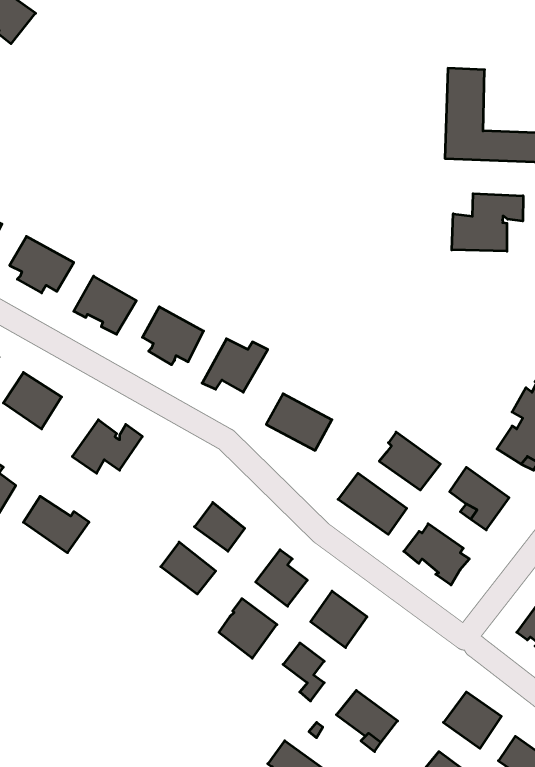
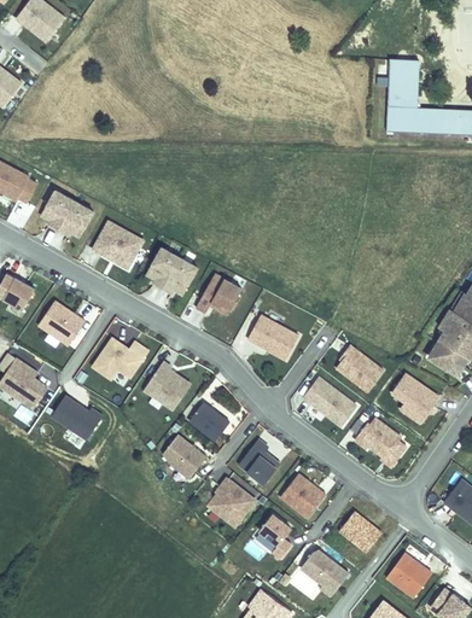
building: [452,194,523,251] -> none
building: none -> [142,360,190,408]
building: none -> [338,509,381,549]

